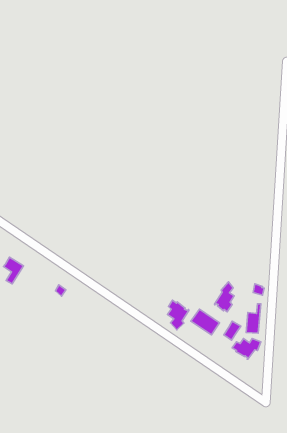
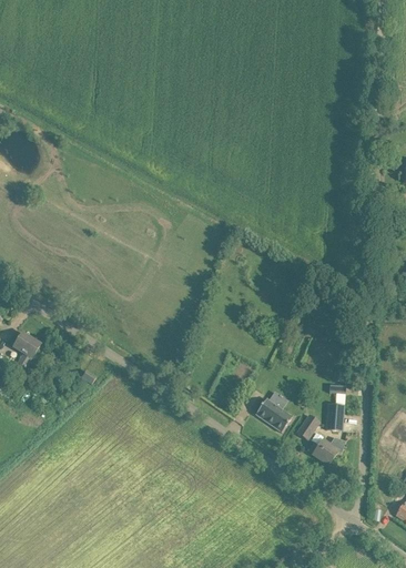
building: [215,282,234,312] -> none
building: [167,300,189,330] -> none

